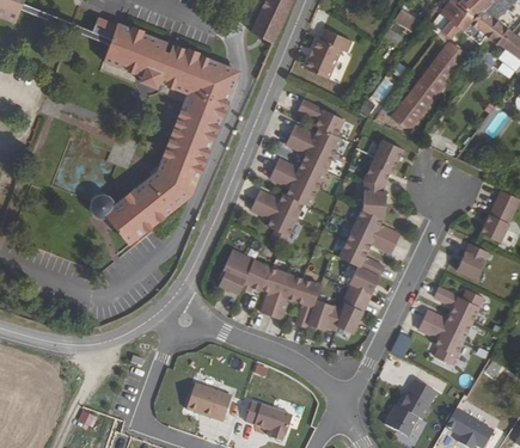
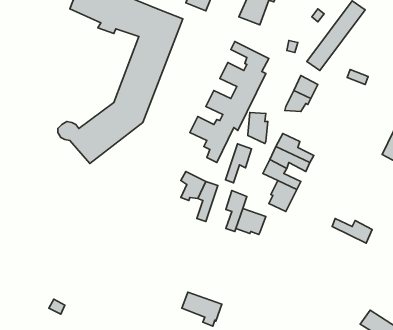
building: [361,180,385,217] -> [248,112,268,143]
building: [454,244,487,280] -> none
building: [216,246,246,290] -> none
building: [269,270,300,317] -> [225,144,251,183]
building: [430,287,481,323] -> none
building: [334,291,365,332] -> none
building: [415,319,460,364] -> none
building: [384,378,428,434] -> none
building: [183,379,228,417] -> none

